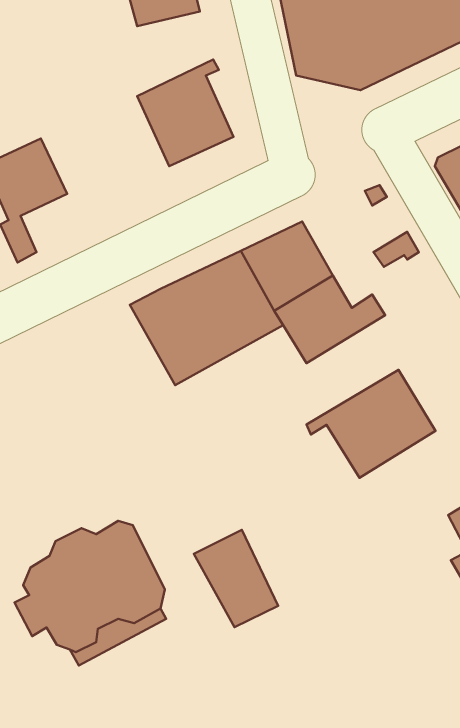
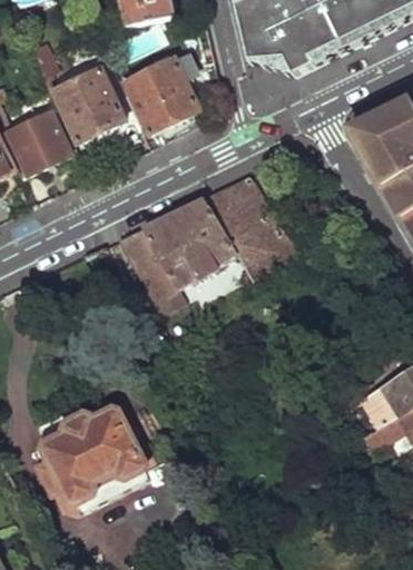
building: none -> [55,66,139,139]
building: [306,370,436,478] -> none
building: [194,530,278,627] -> none

